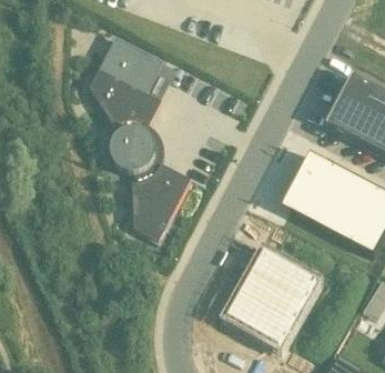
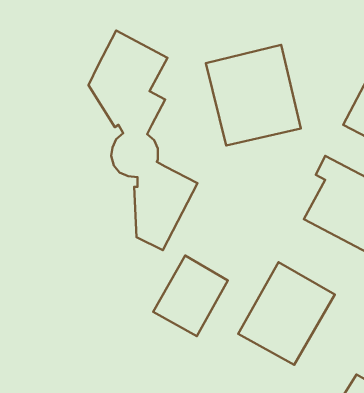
building: none -> [206,45,301,145]
building: none -> [153,255,228,336]

